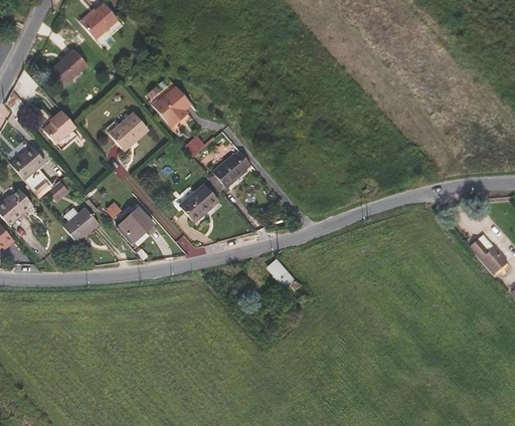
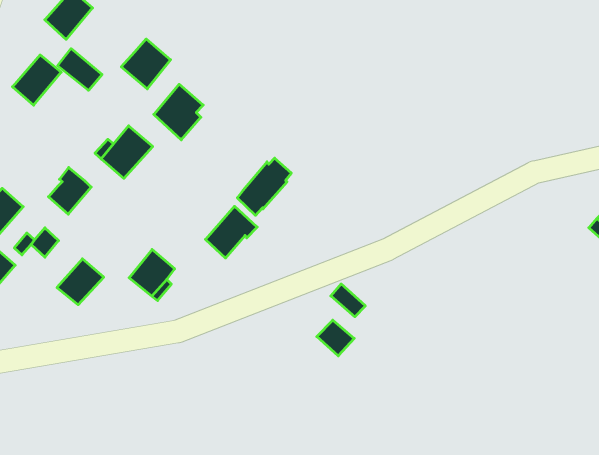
building: none -> [58,49,102,90]
building: none -> [121,39,171,89]
building: [42,110,75,145] -> [48,167,91,214]
building: none -> [317,320,354,356]

